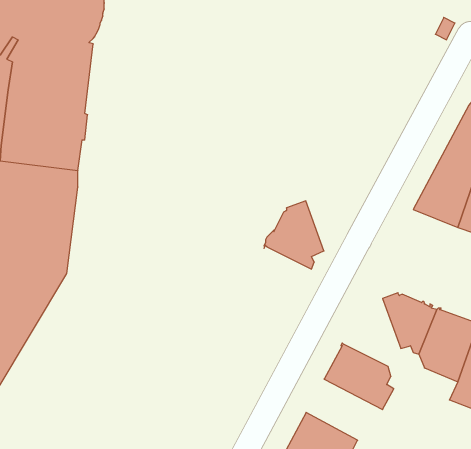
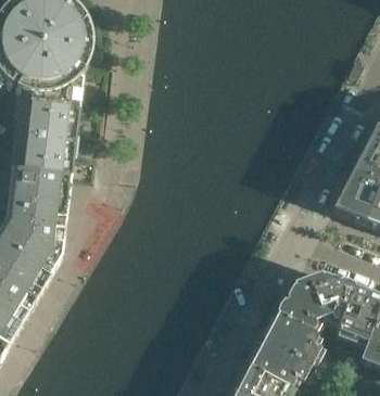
building: [264,201,324,269] -> [275,276,321,329]
building: none -> [248,338,307,386]

